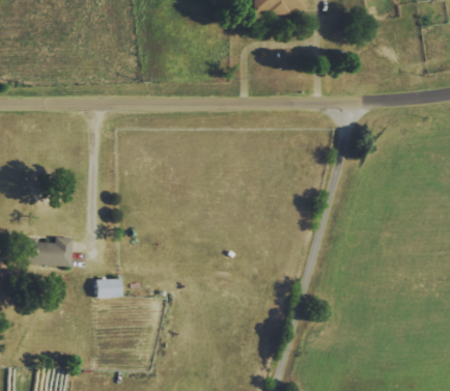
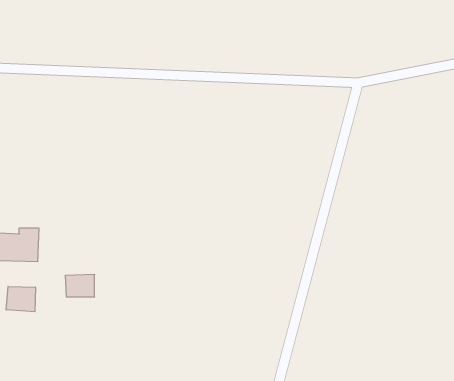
building: none -> [6,286,35,312]

